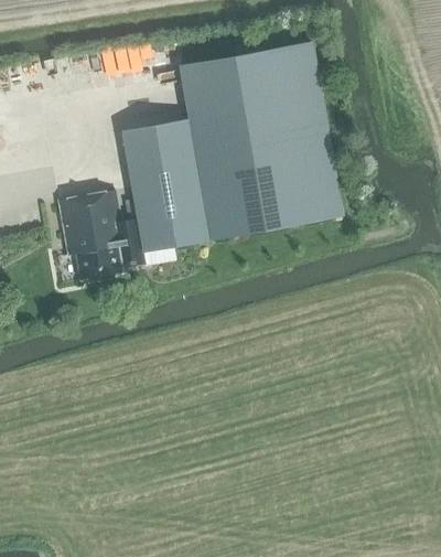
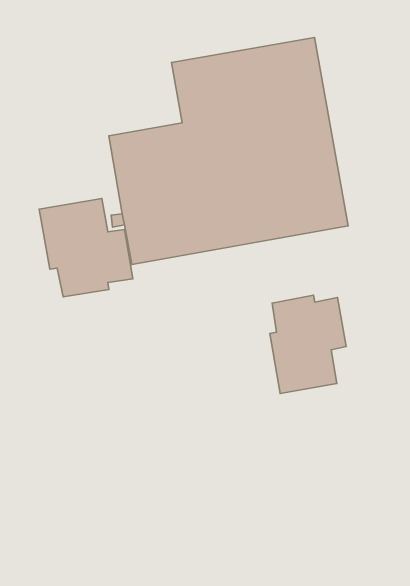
building: none -> [270,295,346,394]

